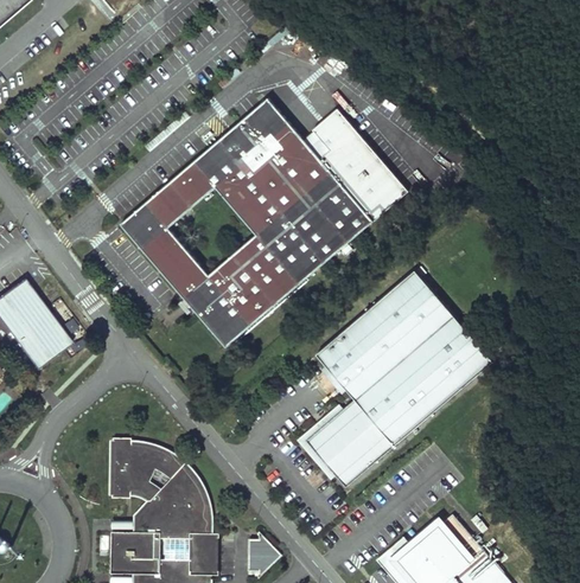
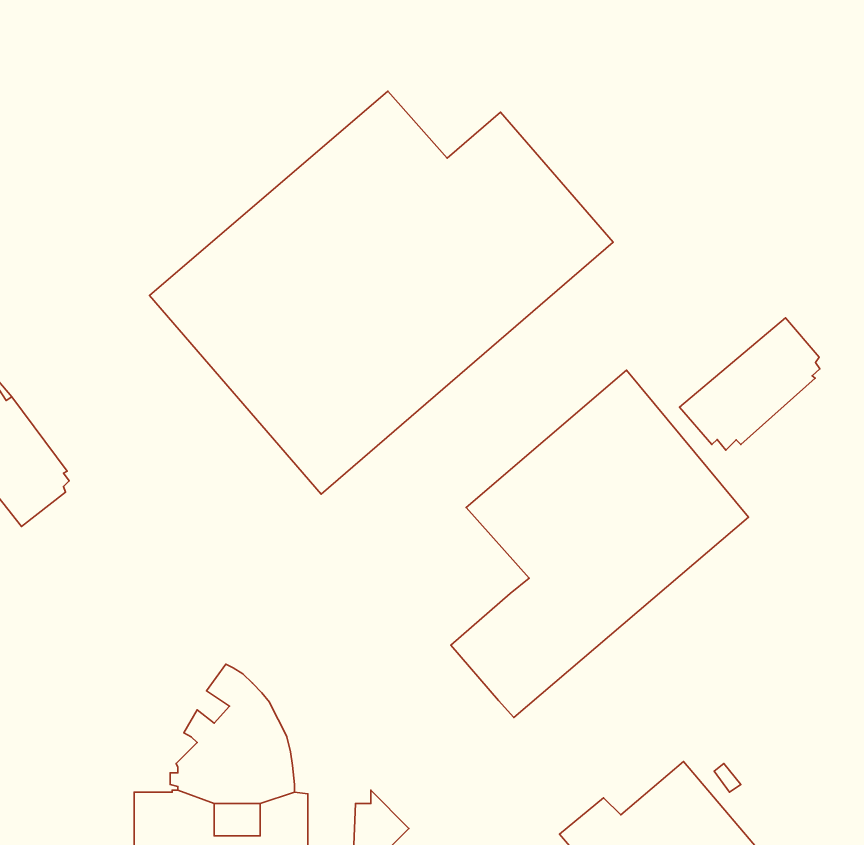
building: none -> [679,318,820,450]
building: [297,404,343,480] -> none
building: [110,437,166,498] -> none

